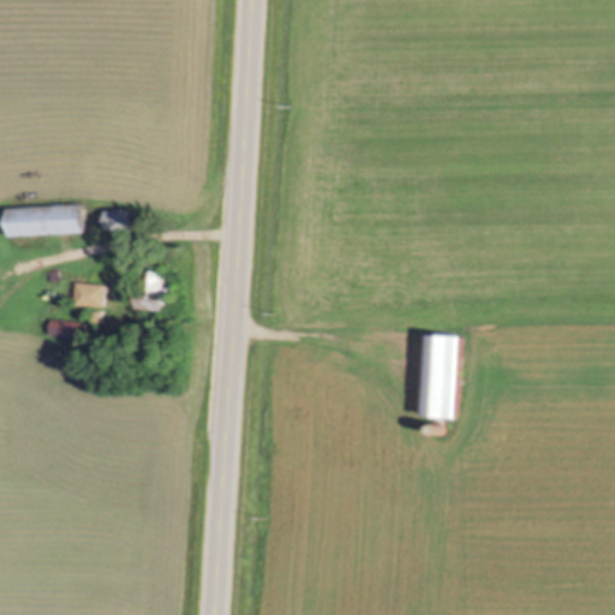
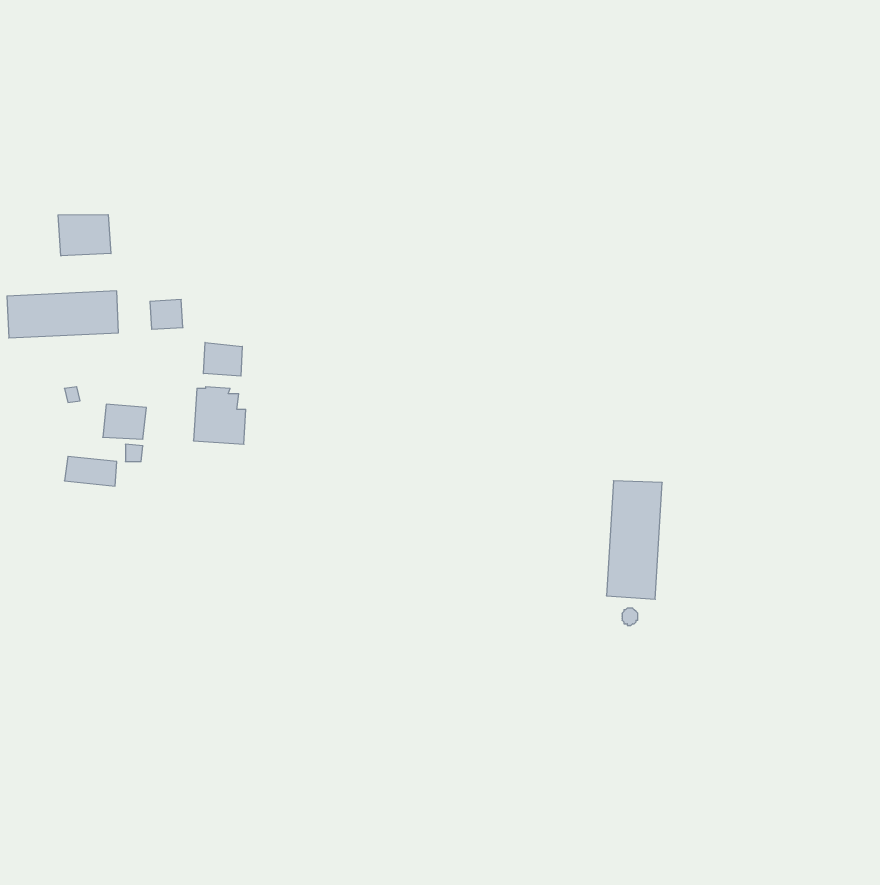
building: none -> [58,215,111,256]
building: none -> [203,342,242,376]

